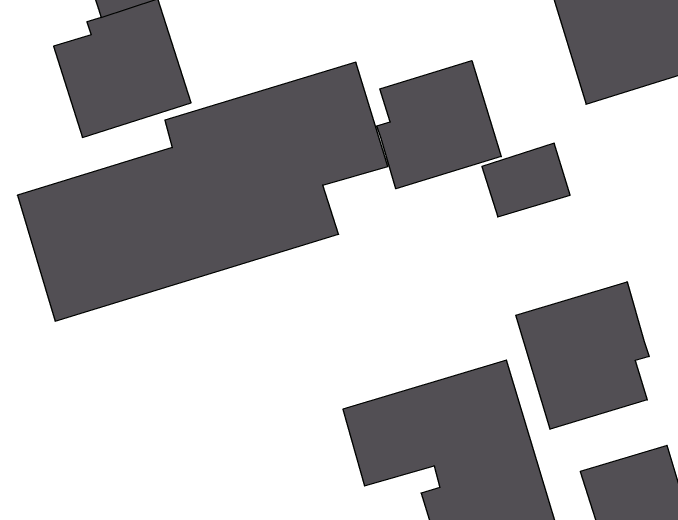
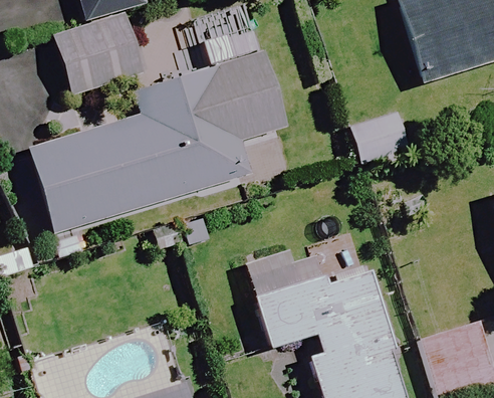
building: [377,61,501,189] -> none
building: [516,282,649,429] -> none

